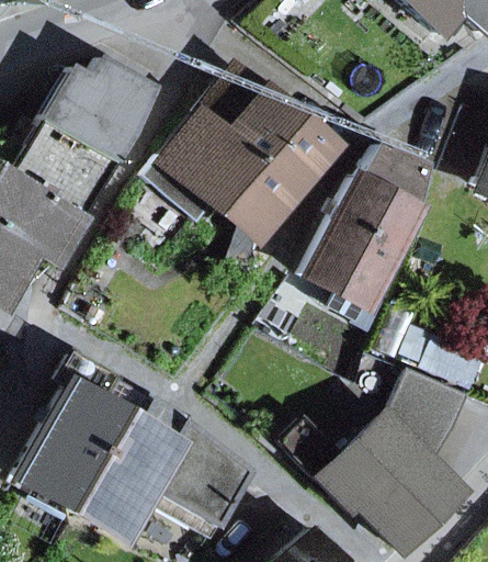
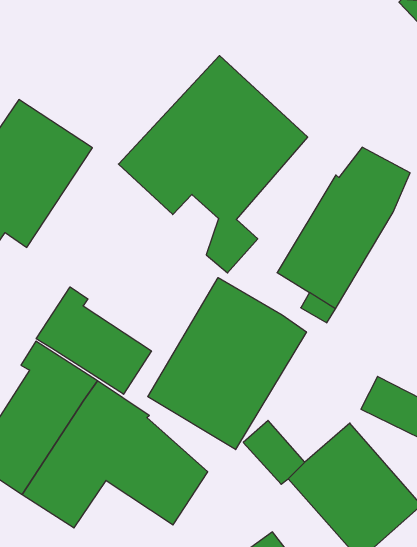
building: [39,61,151,166] -> none
building: none -> [148,278,306,450]
building: none -> [36,287,151,394]

